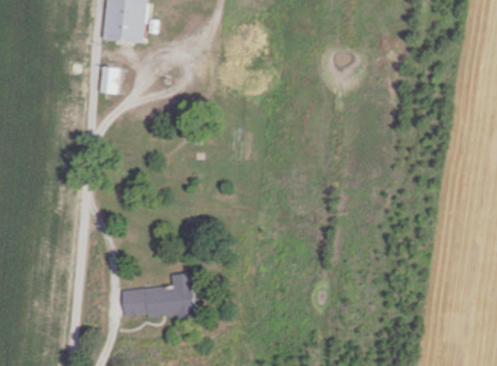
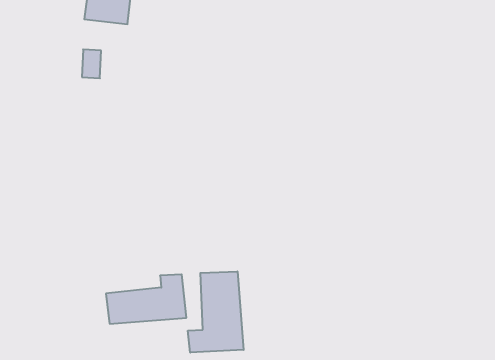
building: none -> [188,271,244,353]

